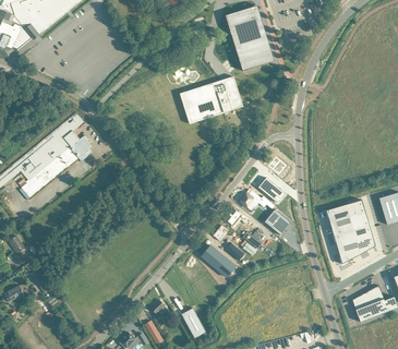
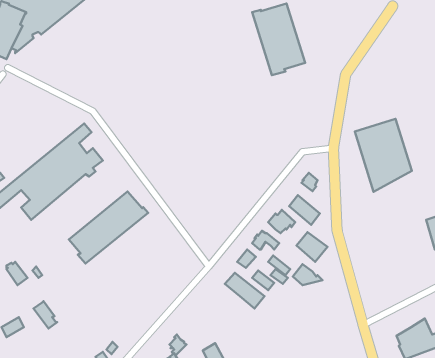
building: [180,79,242,122] -> none
building: none -> [69,191,148,264]
building: [325,198,375,263] -> [355,119,412,192]

